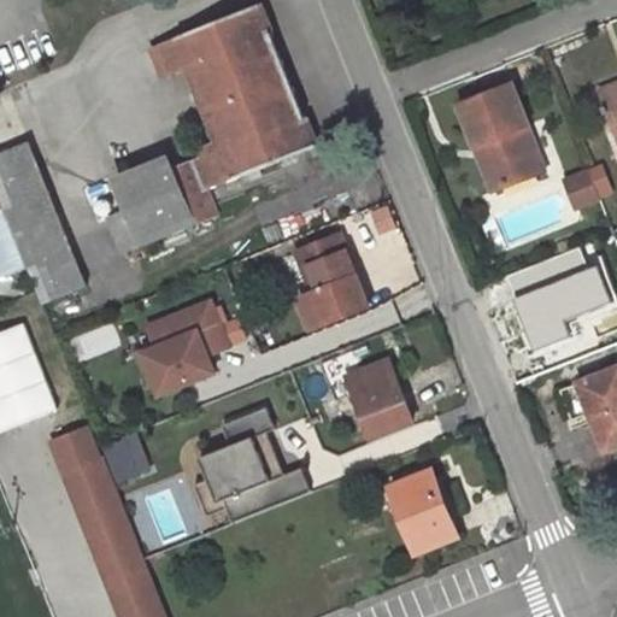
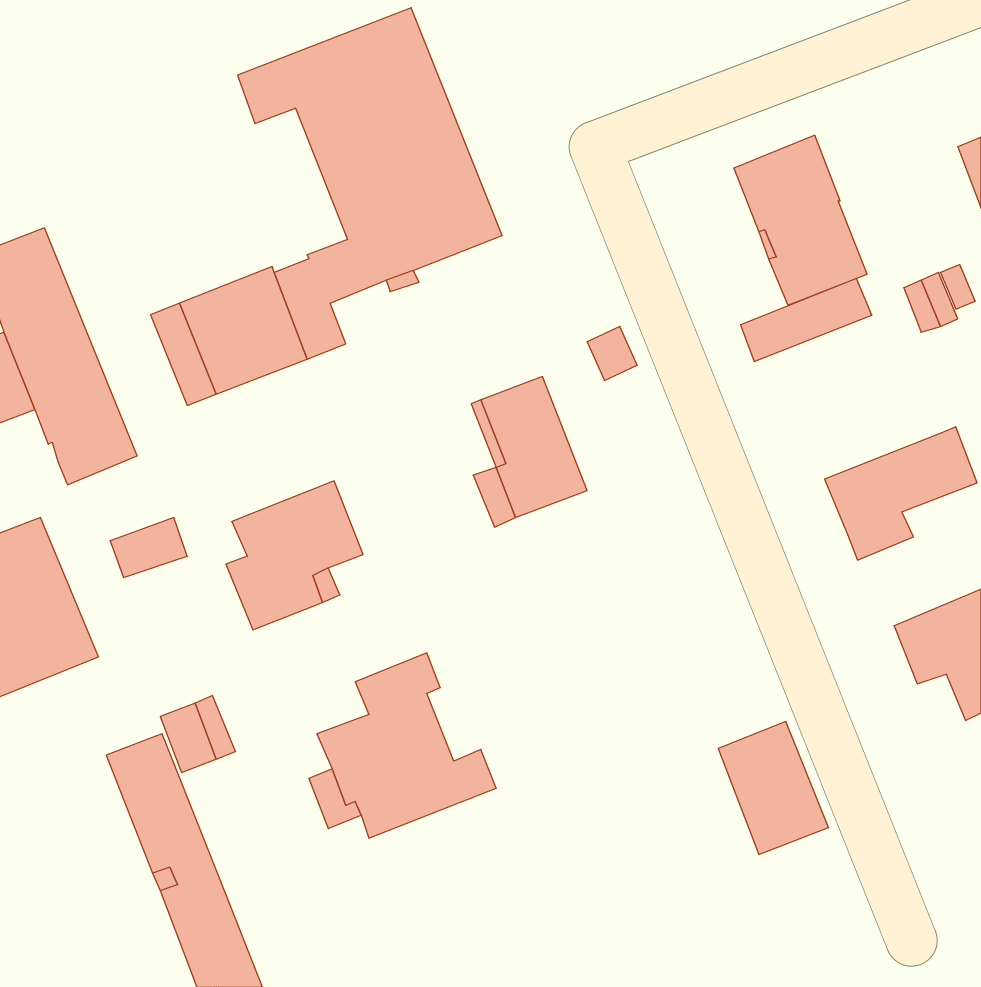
building: [506,247,588,299] -> [741,278,872,361]
building: [317,349,411,437] -> none
building: [53,427,98,471] -> none
building: [388,470,457,553] -> [718,721,828,855]

